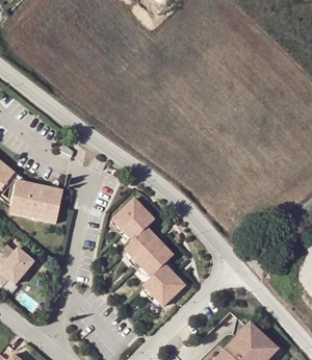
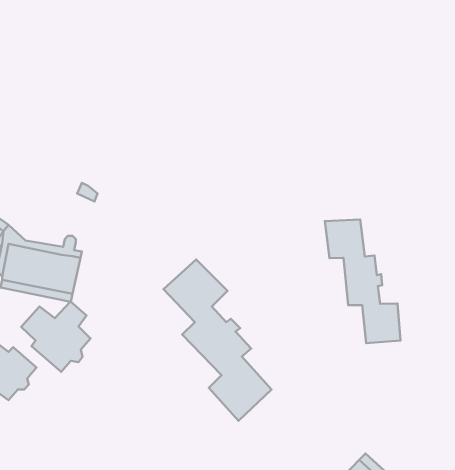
building: none -> [325,220,401,343]
building: none -> [21,302,90,372]

